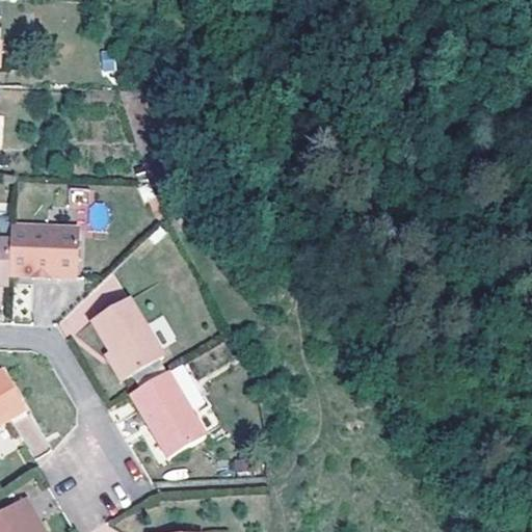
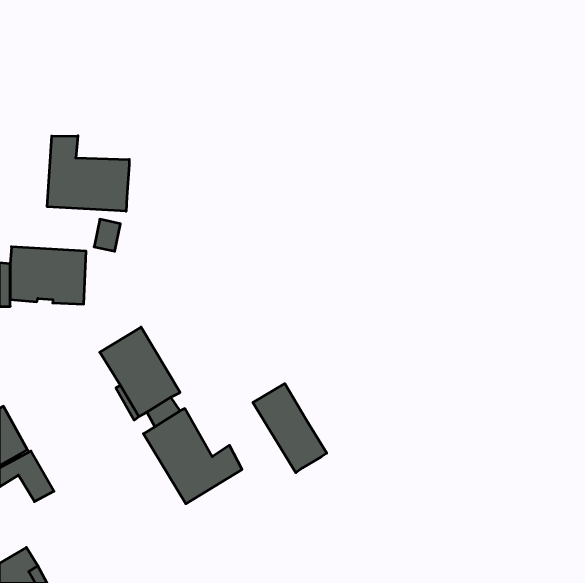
building: none -> [47,136,129,211]
building: none -> [253,384,327,473]

